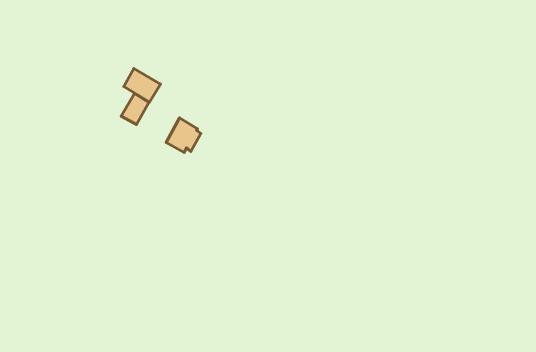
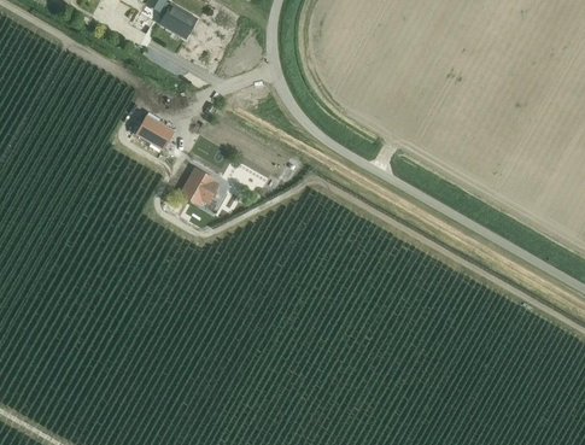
building: [121,94,149,124] -> none

